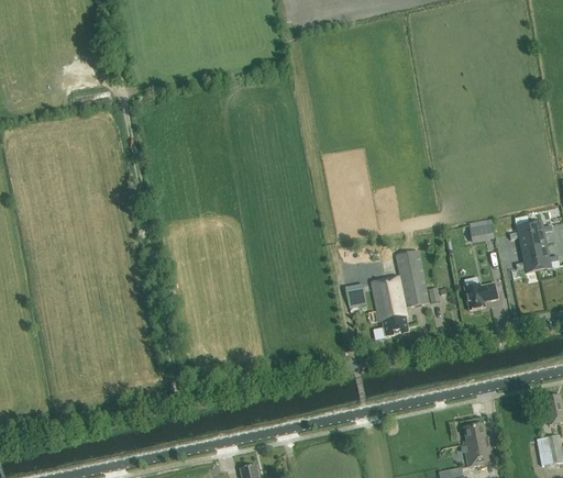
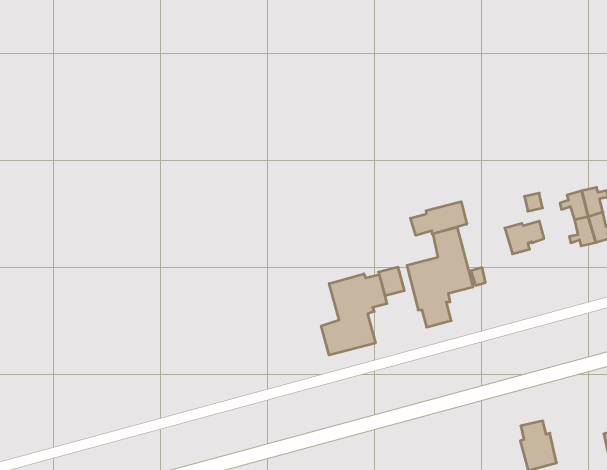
building: none -> [410,202,467,235]
building: [464,281,498,309] -> [505,221,544,254]
building: none -> [321,274,387,355]

